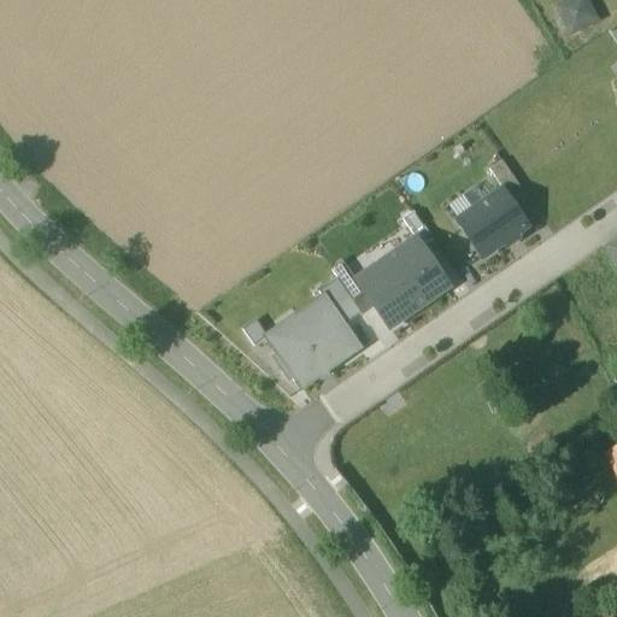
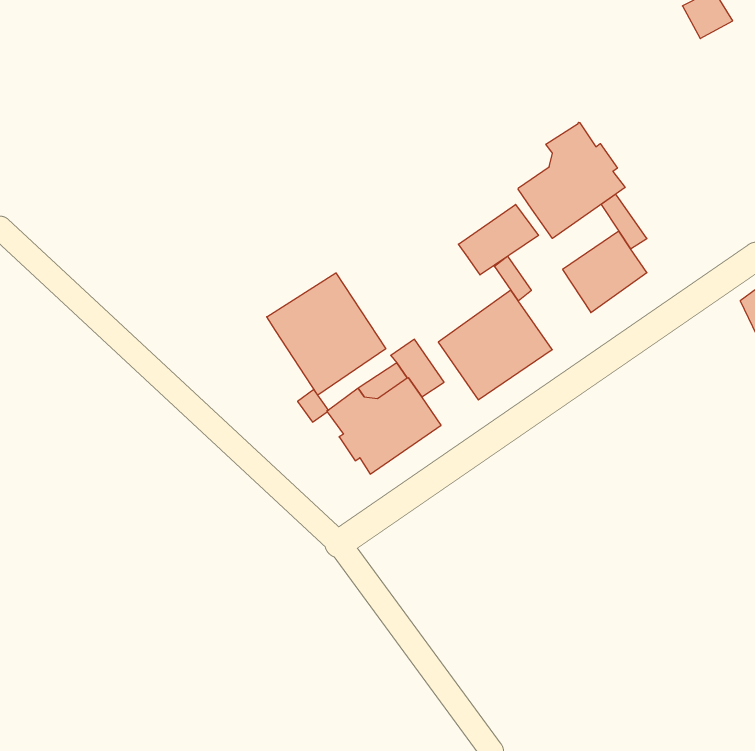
building: none -> [518,122,625,238]
building: none -> [458,204,538,275]
building: none -> [267,273,386,395]

